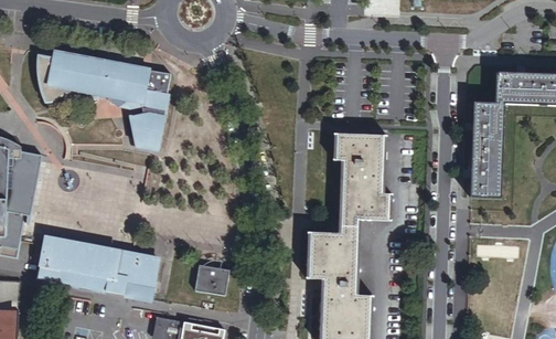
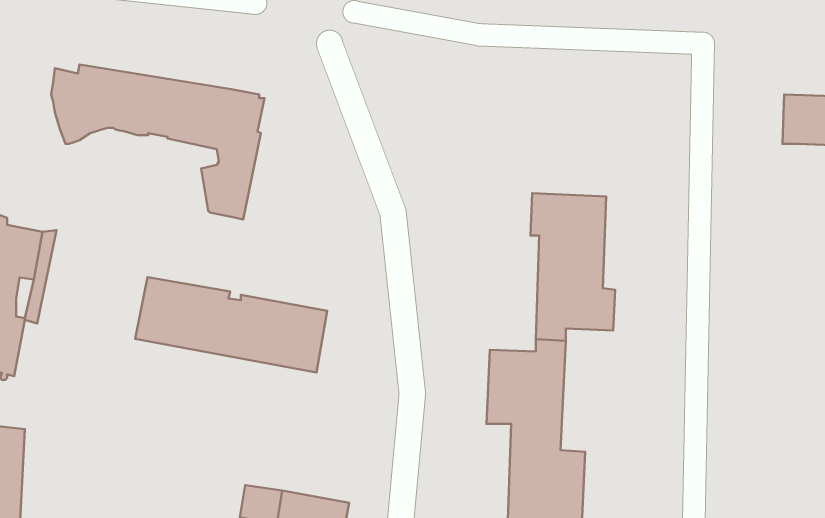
building: [470,102,504,198] -> none
building: [38,240,158,299] -> [135,277,327,372]
building: [194,264,231,295] -> none

